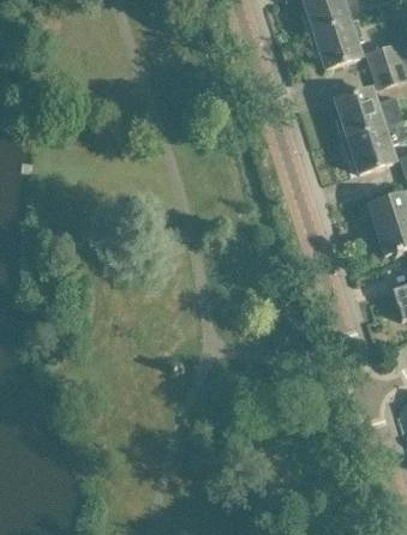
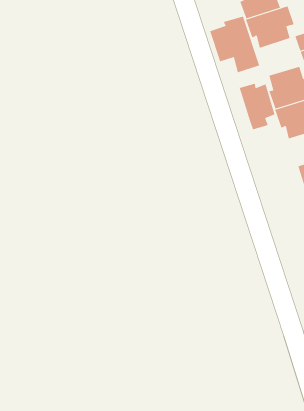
building: none -> [209,14,260,73]
building: none -> [239,83,275,130]

